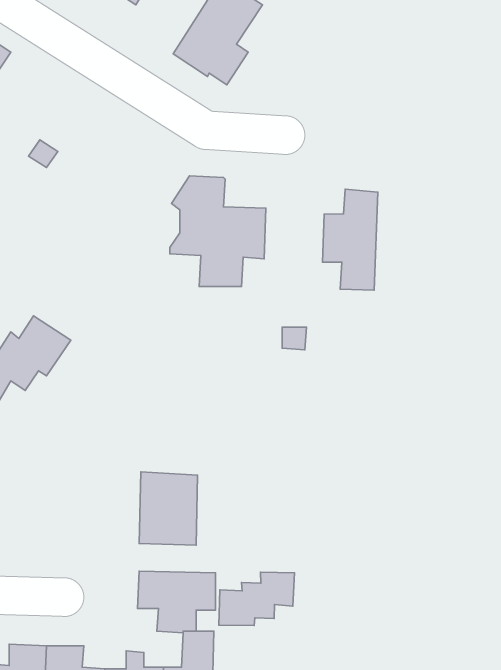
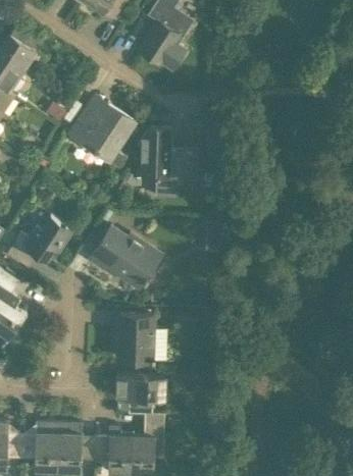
building: none -> [69,103,135,169]
building: [323,189,378,290] -> none
building: none -> [90,226,161,289]
building: [219,572,294,625] -> none

